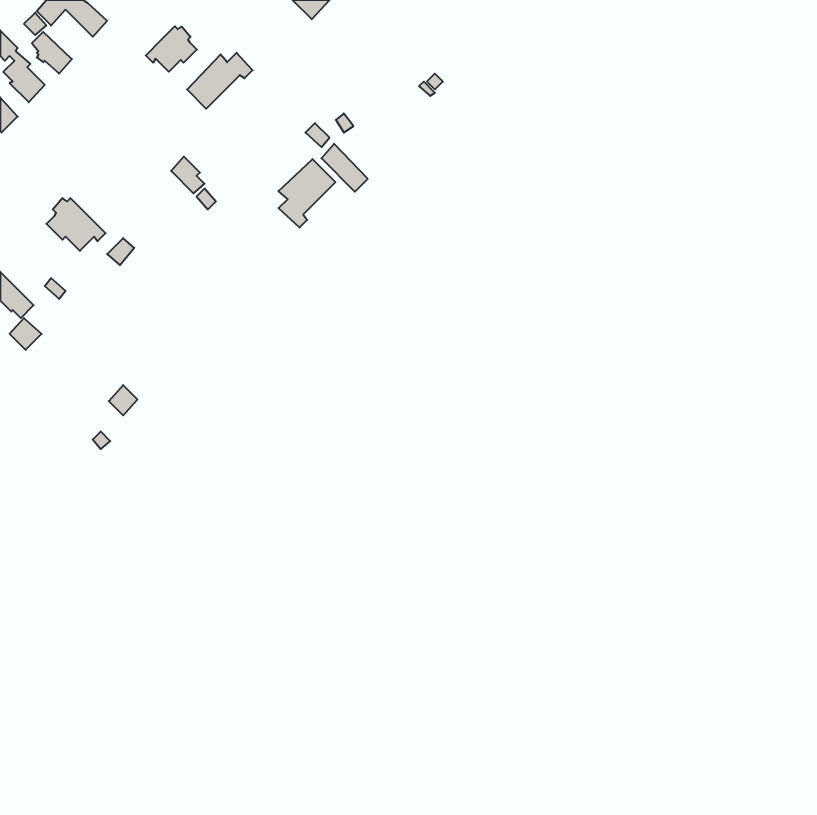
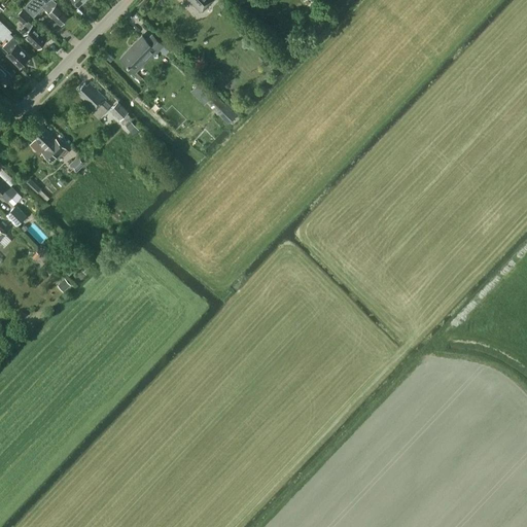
building: [146,26,197,72] -> none
building: none -> [78,83,111,118]
building: [278,159,335,228] -> none

